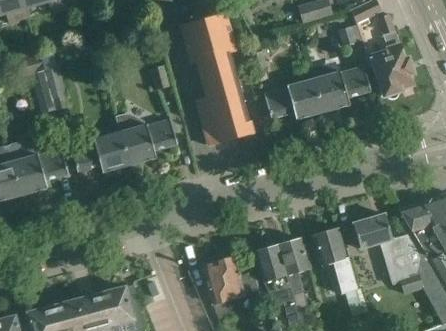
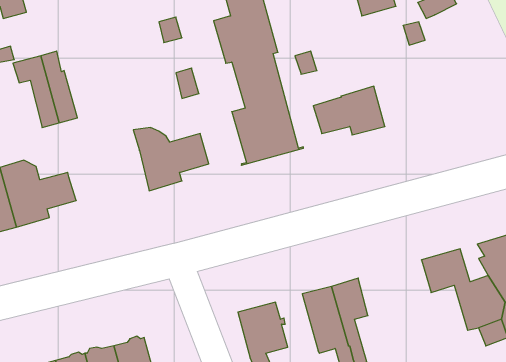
building: [371,14,413,96] -> none
building: [314,68,371,113] -> none
building: [71,133,129,173] -> none
building: [313,228,357,294] -> none

